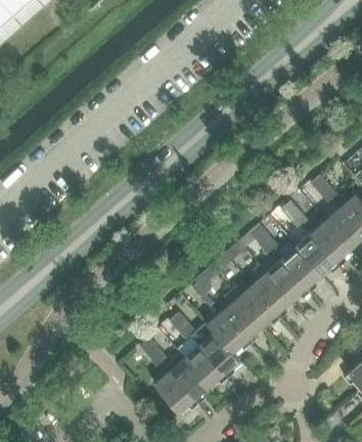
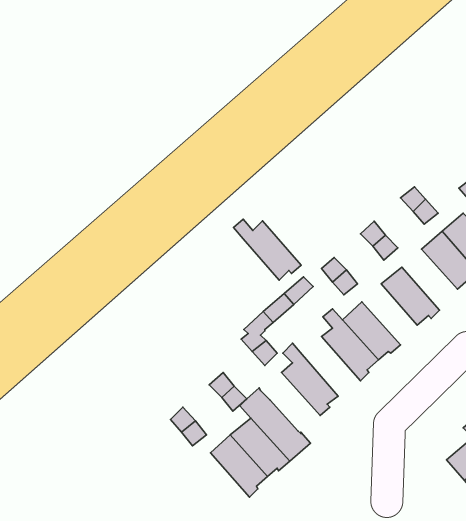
building: [311,220,354,265] -> none
building: [281,246,324,291] -> none
building: [230,283,280,328] -> [233,219,301,280]
building: [207,311,251,354] -> none
building: [154,370,198,414] -> none

